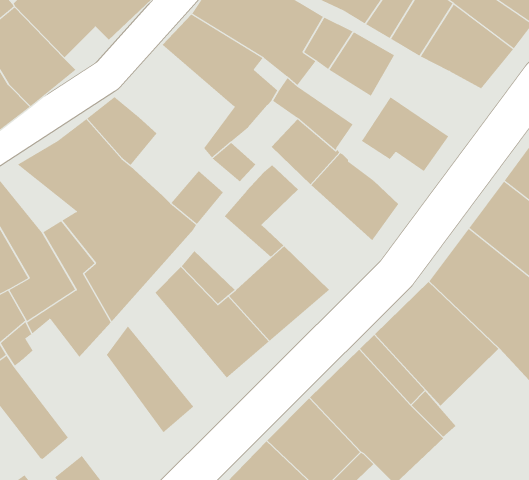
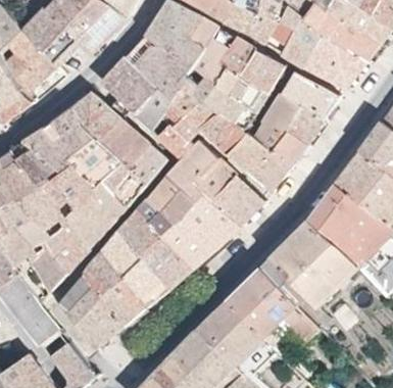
building: none -> [102,55,175,127]
building: none -> [218,66,269,110]
building: none -> [283,68,339,118]
building: none -> [173,94,218,138]
building: none -> [103,116,150,164]
building: none -> [254,122,306,165]
building: none -> [194,155,265,225]
building: none -> [147,174,200,225]
building: none -> [101,227,169,305]
building: none -> [31,245,67,290]
building: none -> [59,270,126,349]

